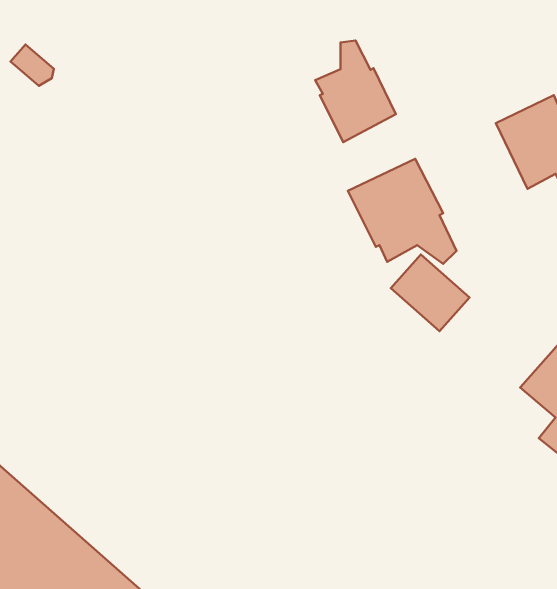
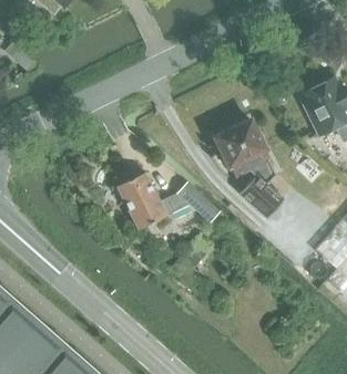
building: [315,41,396,142] -> none
building: none -> [115,173,217,230]

